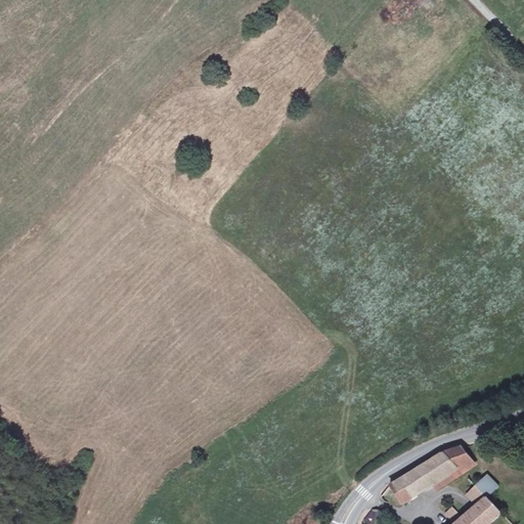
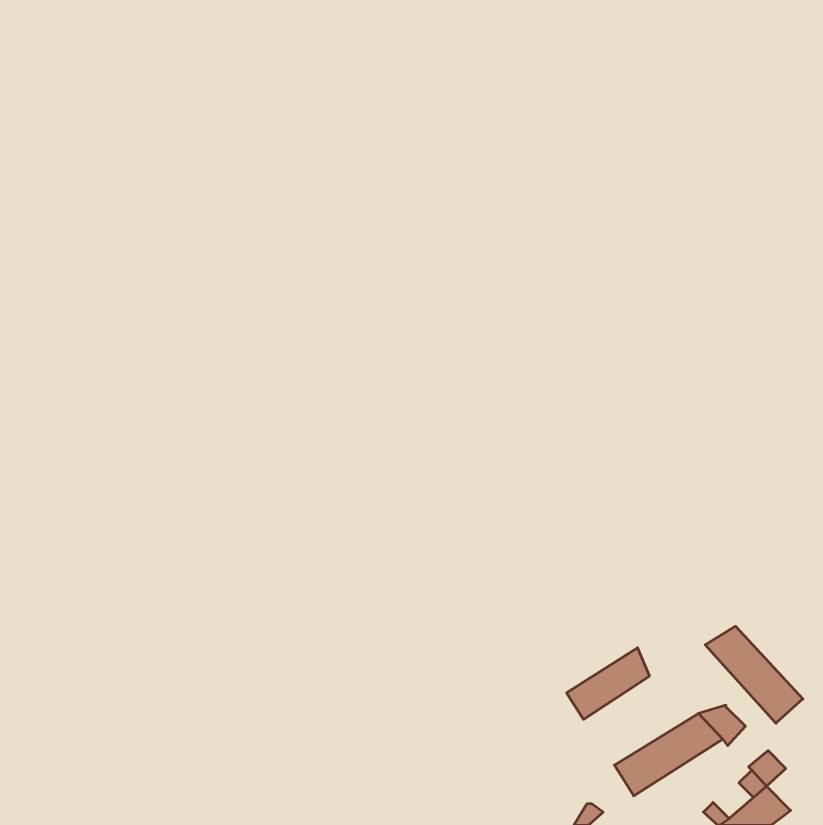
building: none -> [705,626,803,723]
building: none -> [567,648,649,719]

